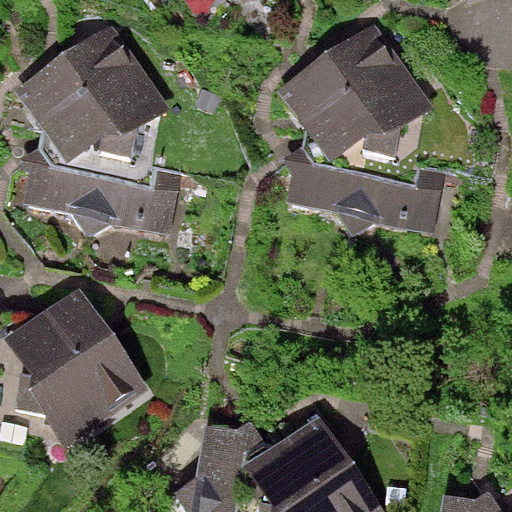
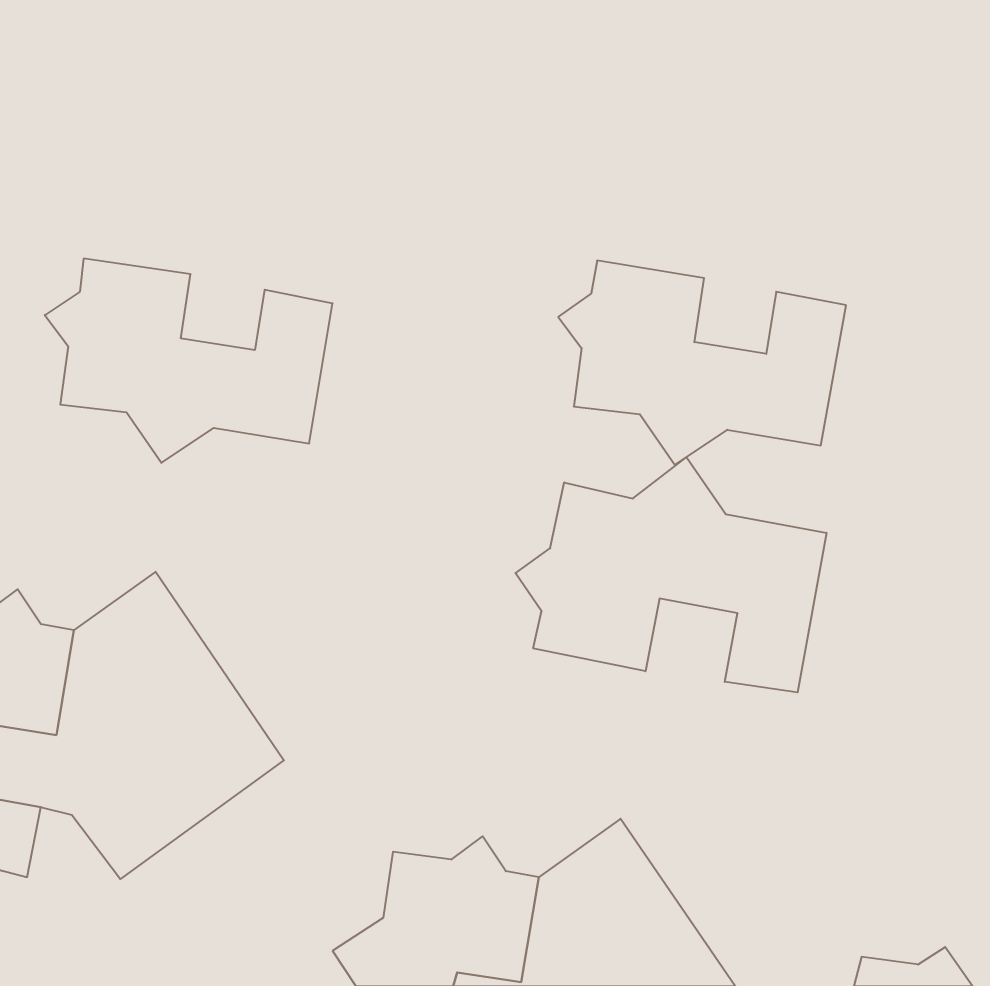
building: [14,25,172,180] -> none
building: [277,26,435,182] -> none
building: none -> [515,457,826,692]

